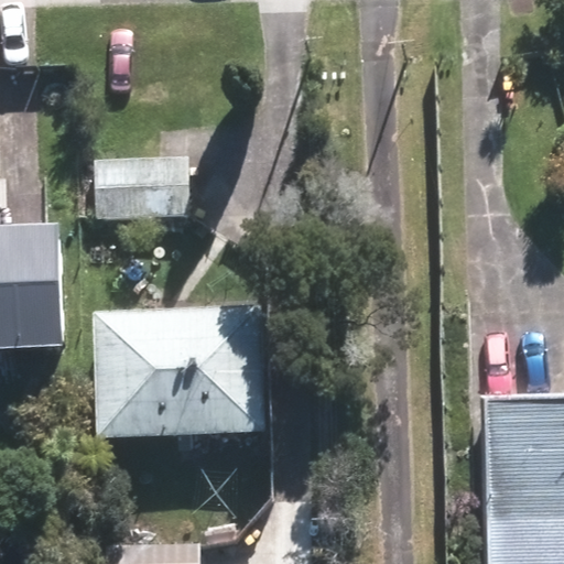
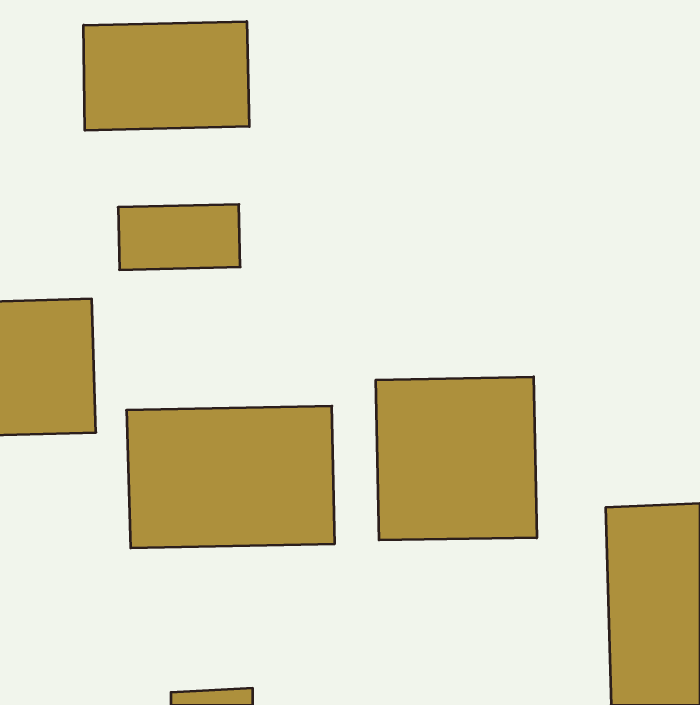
building: none -> [84,21,249,130]
building: none -> [376,377,537,540]

